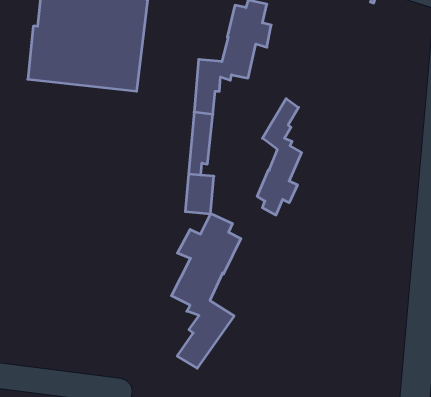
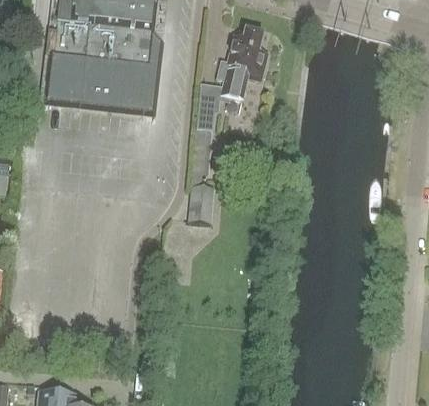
building: [257,99,302,215] -> none
building: [171,213,241,368] -> none

